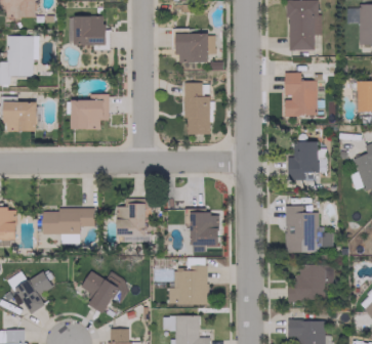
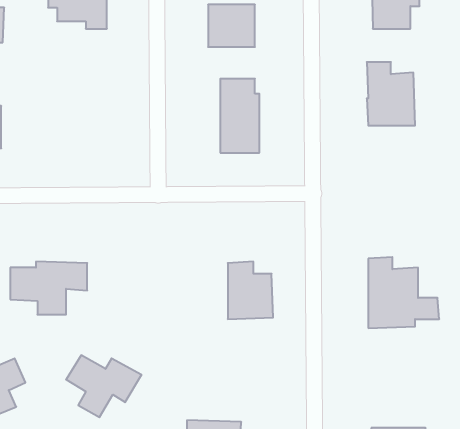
building: [71,94,110,129] -> none
building: [288,141,320,180] -> none
building: [117,199,152,241] -> none
building: [288,264,334,302] -> none
building: [169,268,208,304] -> none

